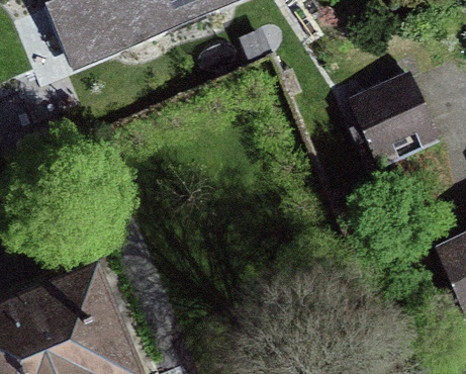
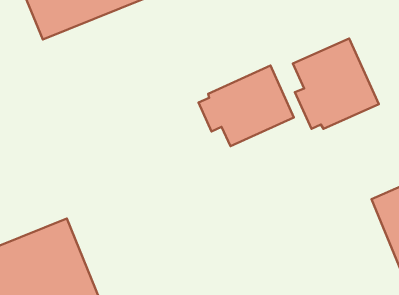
building: none -> [198,66,294,146]

